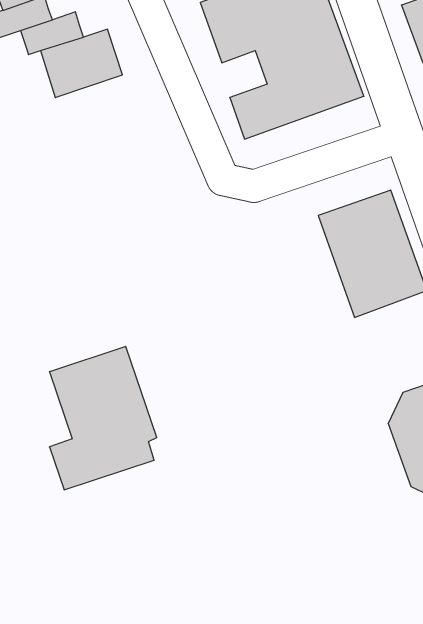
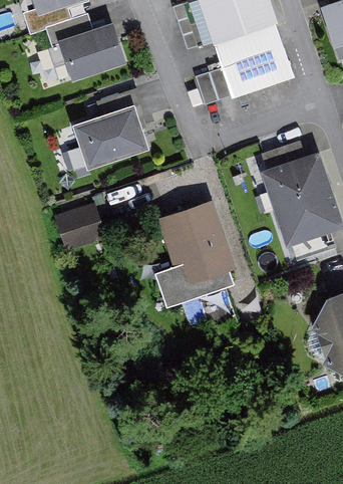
building: none -> [69,102,147,171]
building: none -> [51,203,104,252]
building: [49,346,157,490] -> [154,199,235,306]

